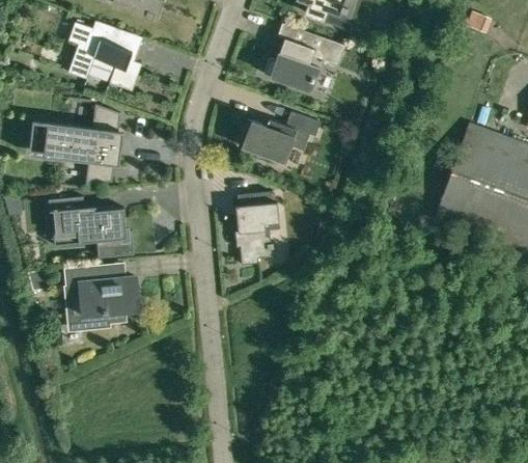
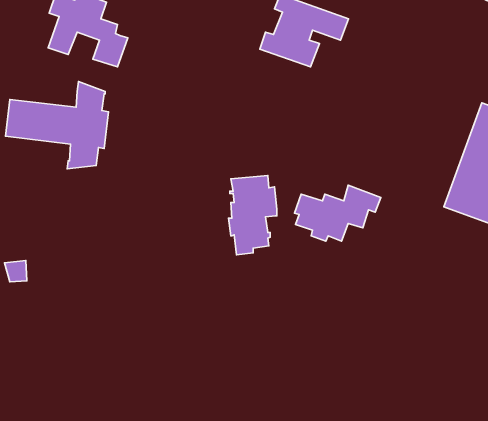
building: [241,111,321,163] -> [295,185,381,241]
building: [50,197,134,257] -> none
building: [65,266,139,327] -> none

